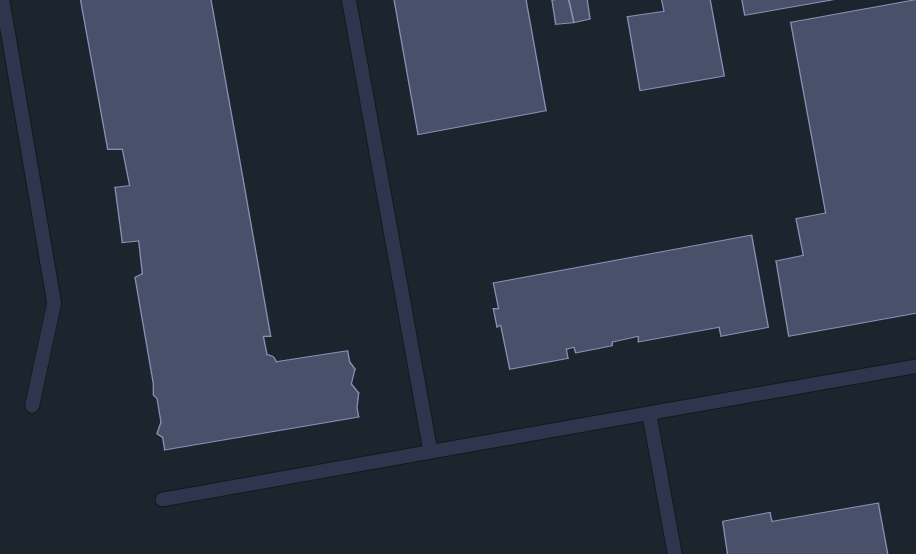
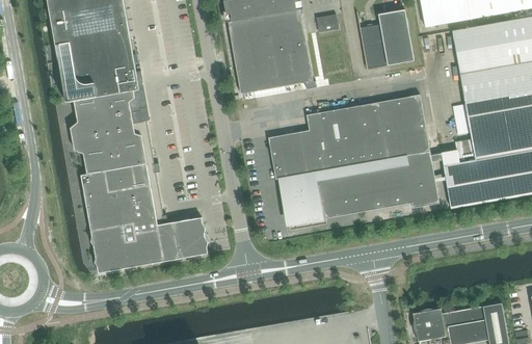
building: none -> [268,95,430,179]

